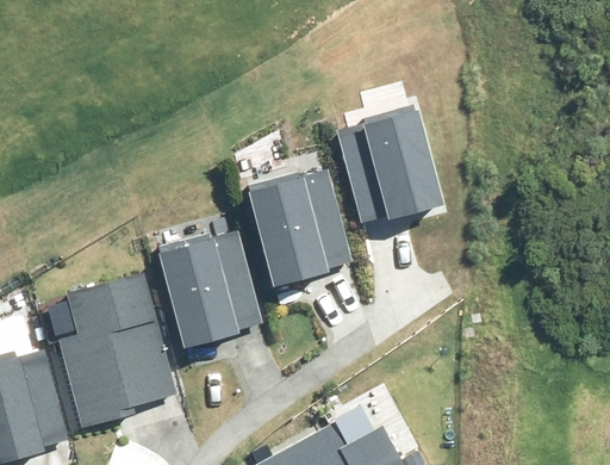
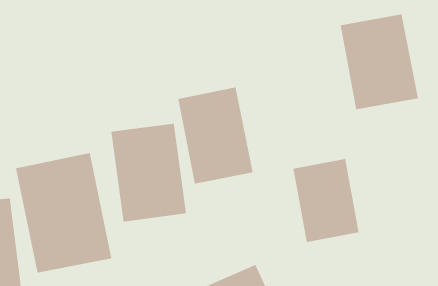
building: [336,104,448,235] -> [340,14,419,110]
building: none -> [293,158,359,243]

